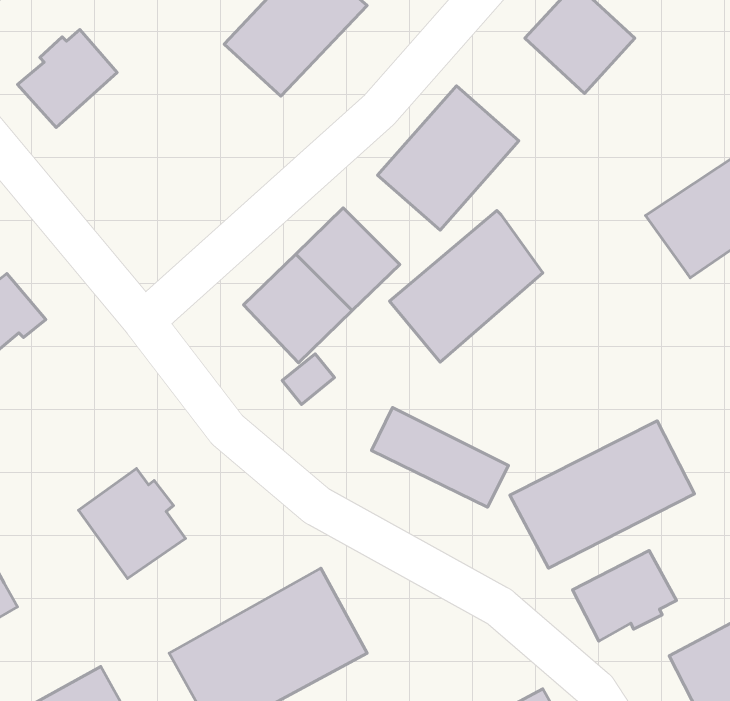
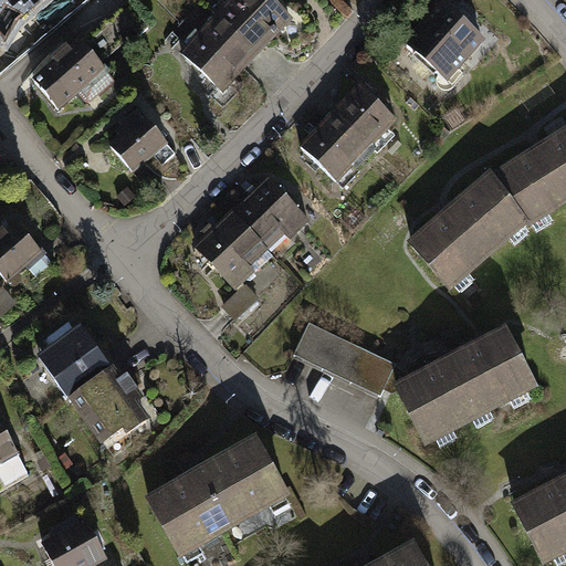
building: none -> [105,108,164,174]
building: [390,210,543,362] -> [411,174,525,286]
building: none -> [41,319,116,396]
building: [572,550,676,641] -> none

